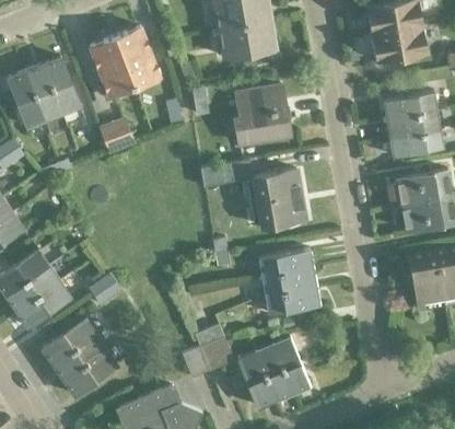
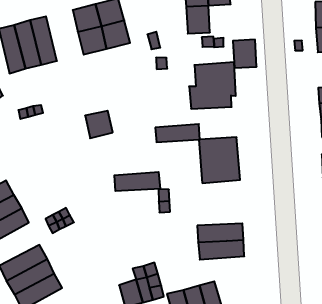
building: [245,19,276,54] -> [233,40,257,68]
building: [102,119,136,153] -> [85,111,113,138]
building: [259,248,314,276] -> [114,172,161,191]

